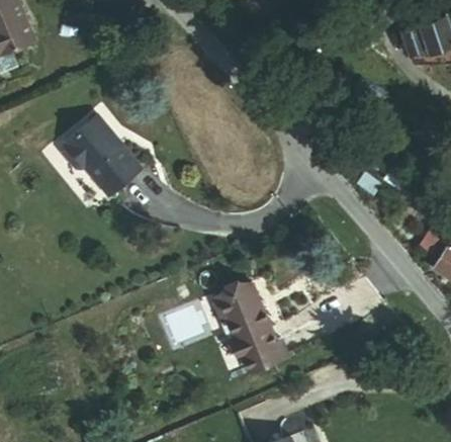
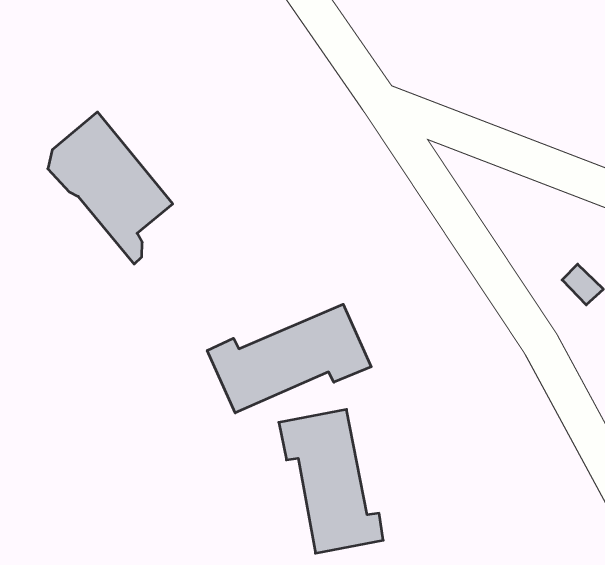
building: none -> [207,304,371,413]

